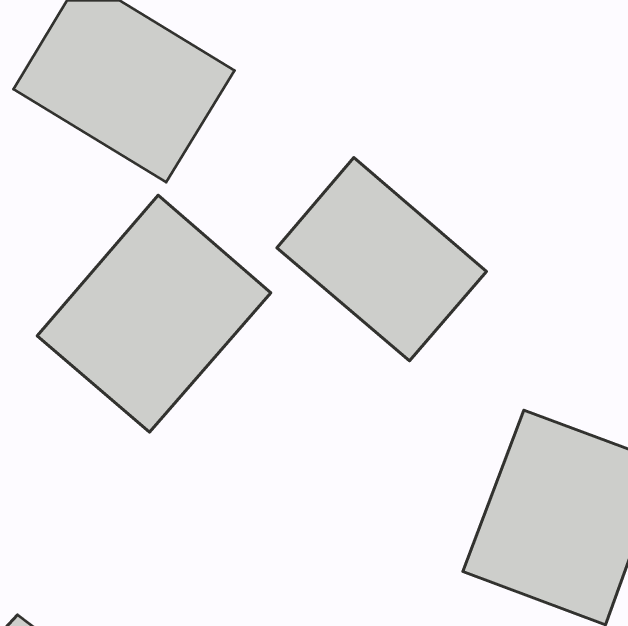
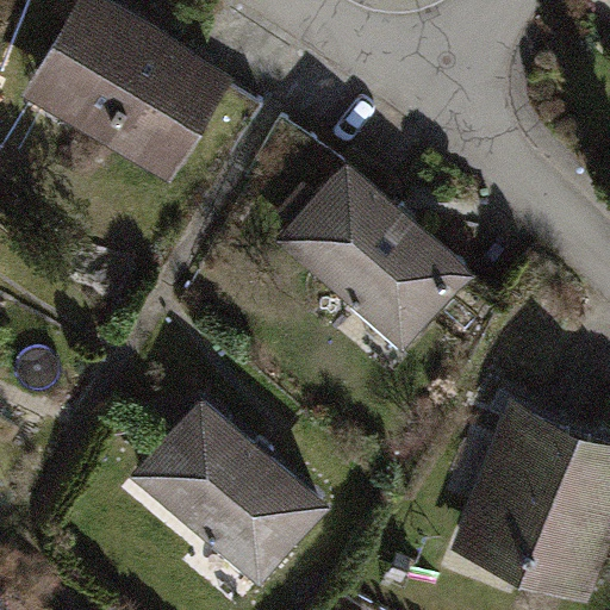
building: [37,195,271,432] -> none
building: none -> [127,396,328,589]

